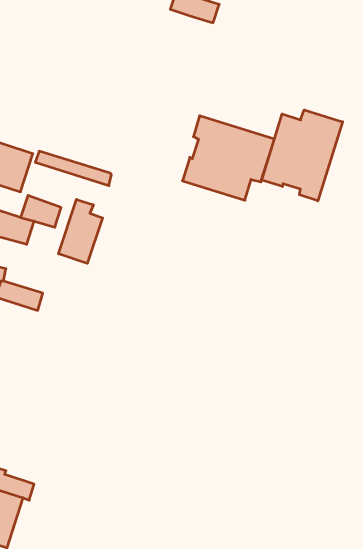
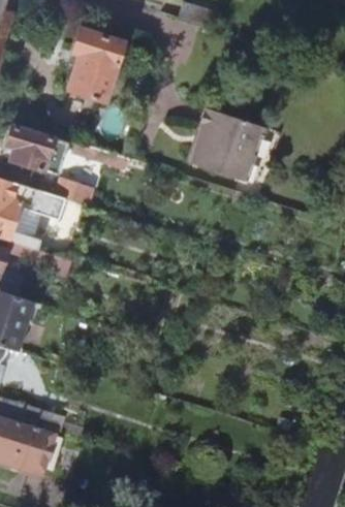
building: none -> [69,29,128,100]
building: [262,110,343,201] -> none
building: [59,199,103,263] -> none

